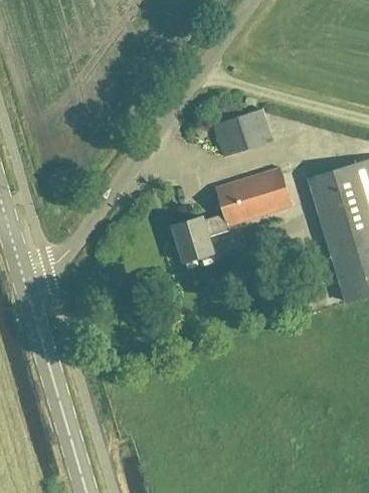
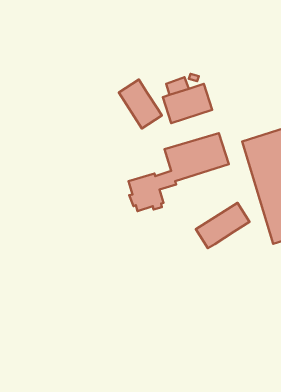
building: none -> [119,80,162,128]
building: none -> [196,203,250,248]

